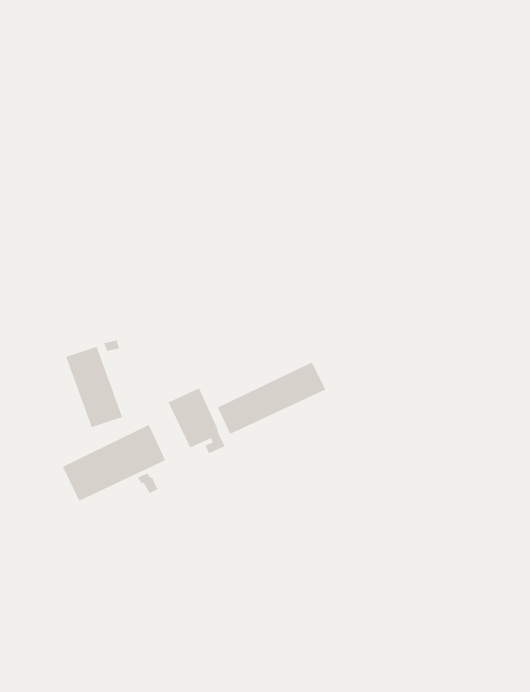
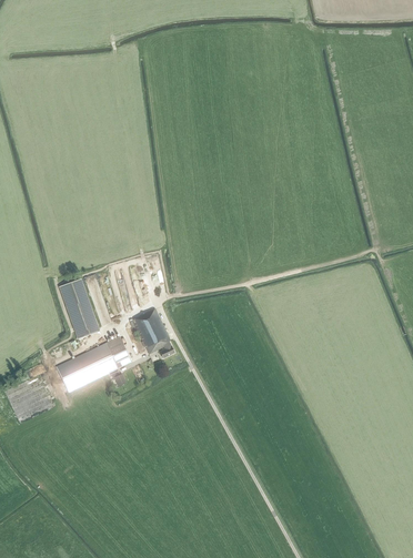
building: [217,361,326,435] -> none

